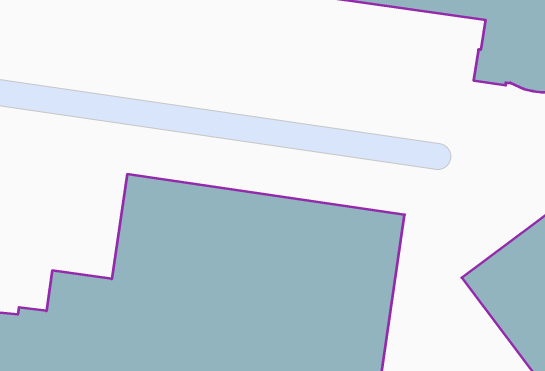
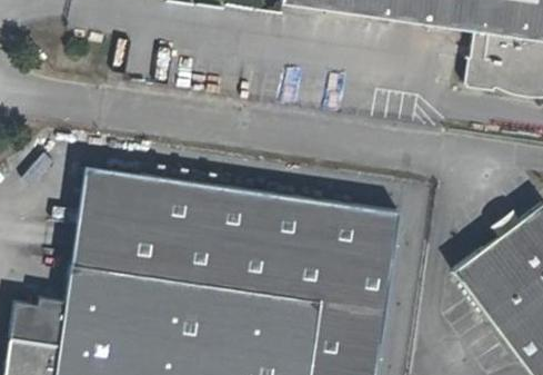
building: none -> [71,165,141,270]

